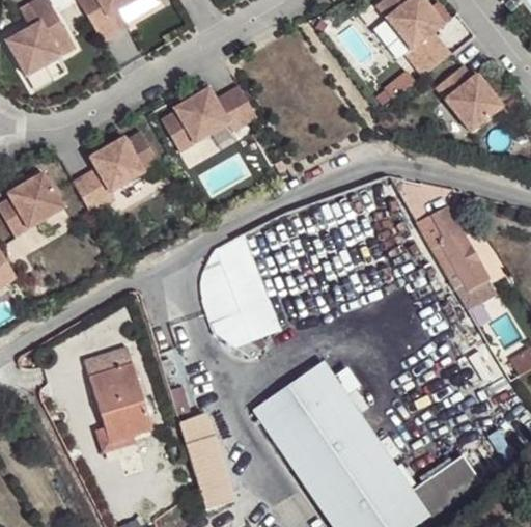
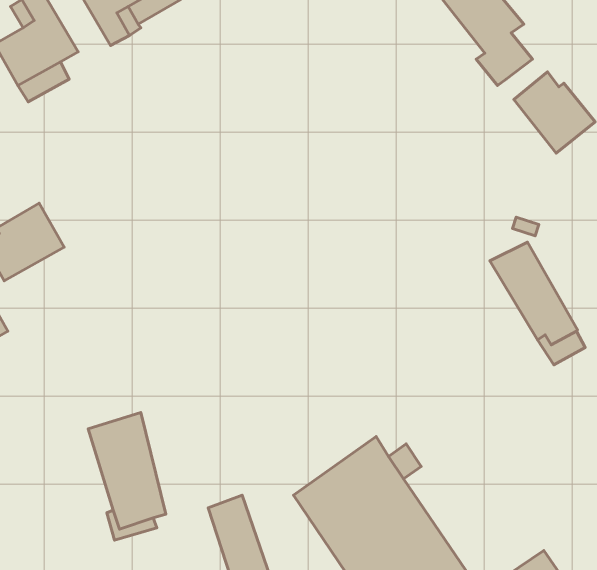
building: [161,84,256,150] -> none
building: [72,131,159,212] -> none
building: [200,233,278,343] -> none

